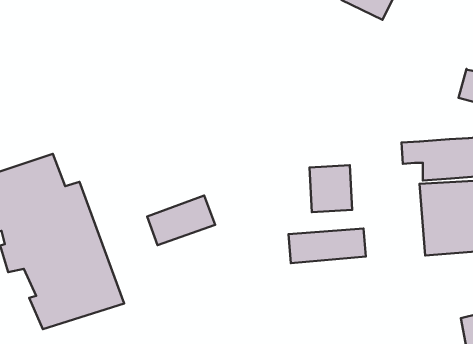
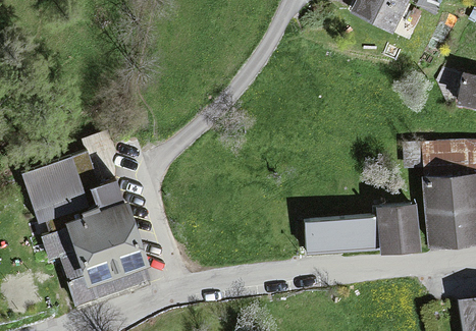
building: [310,165,352,212] -> [376,206,415,249]
building: [147,195,215,245] -> none

